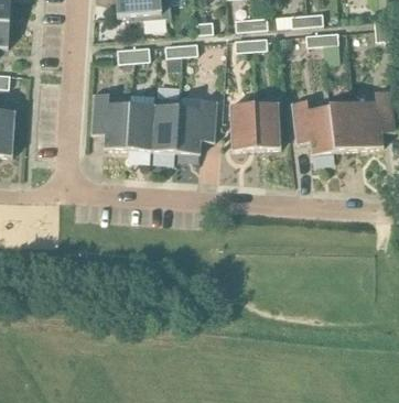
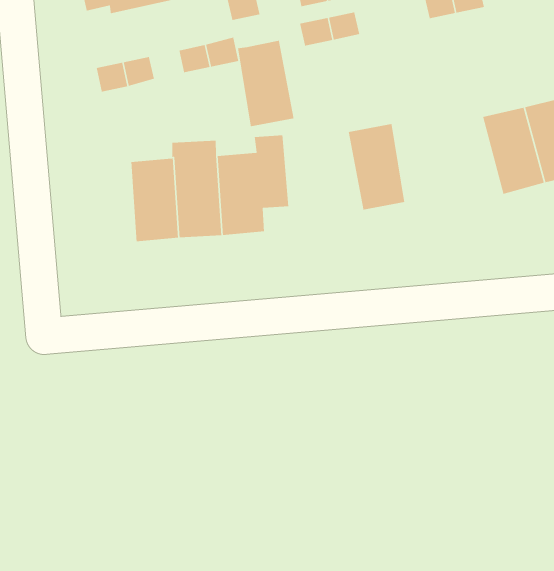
building: [90,92,130,149] -> none
building: [291,100,335,154] -> none
building: [229,104,256,150] -> [237,40,294,127]

